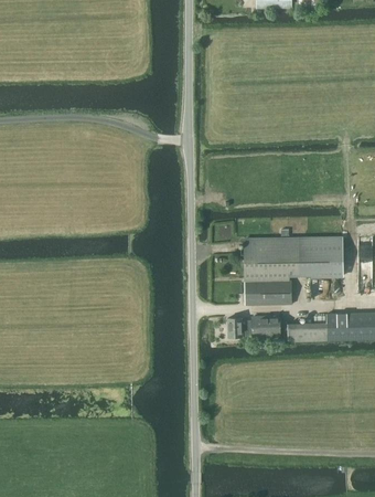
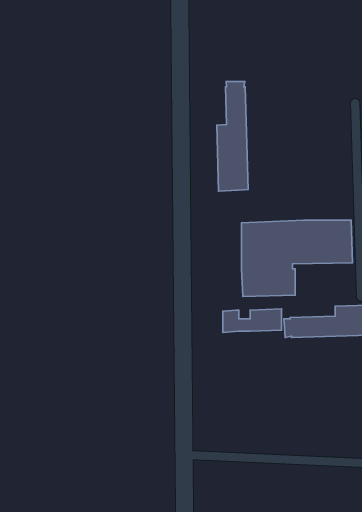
building: none -> [217,82,248,191]

